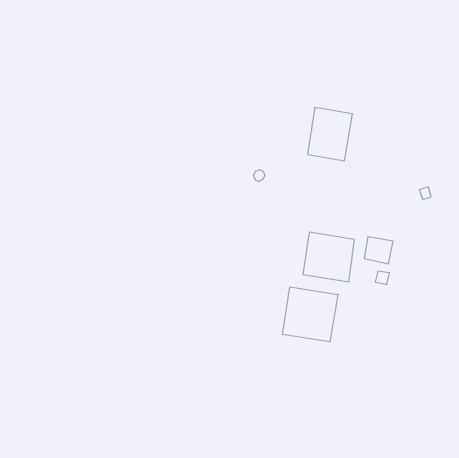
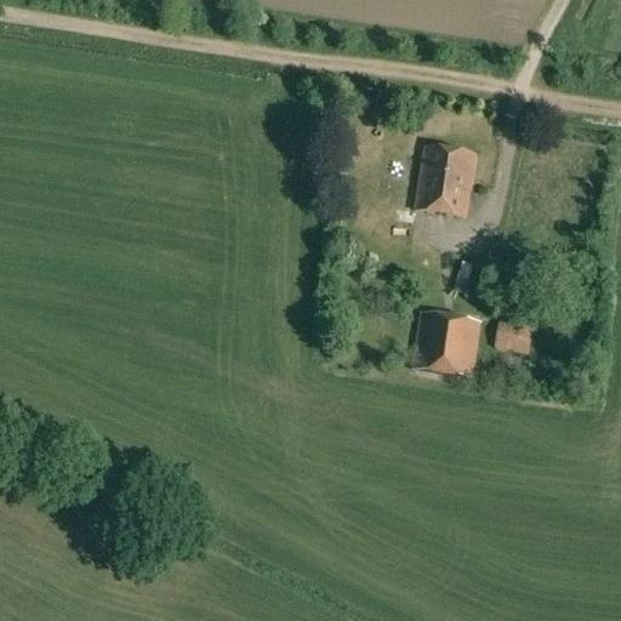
building: [283,287,338,342] -> none

